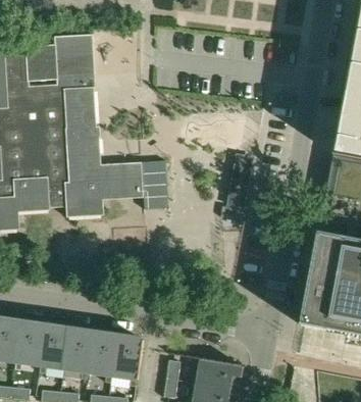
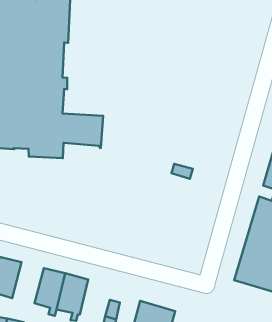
building: [143,159,170,210] -> none
building: [64,328,95,379] -> none

